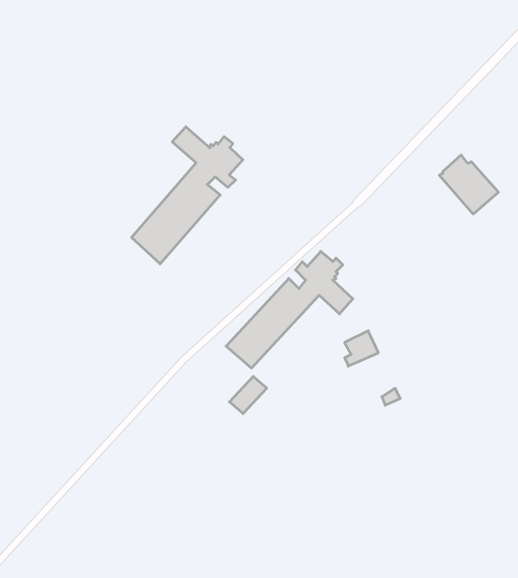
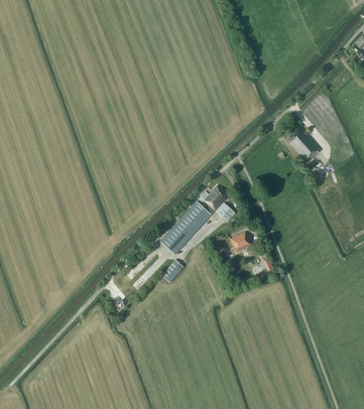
building: [132,127,243,264] -> none

